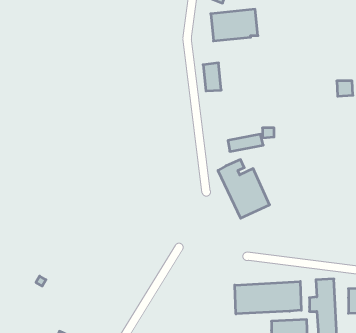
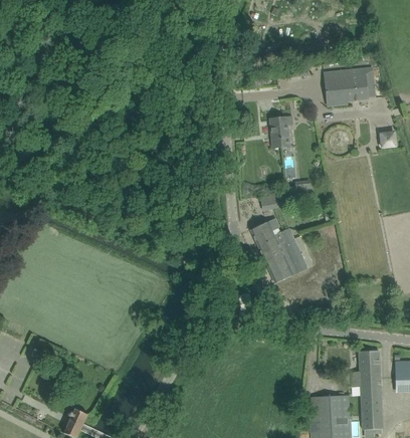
building: [211,9,258,41] -> [324,67,376,102]
building: [203,63,221,91] -> [269,117,289,148]
building: [235,281,301,314] -> none

